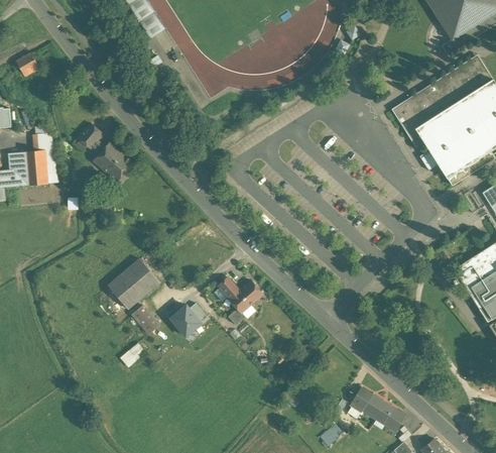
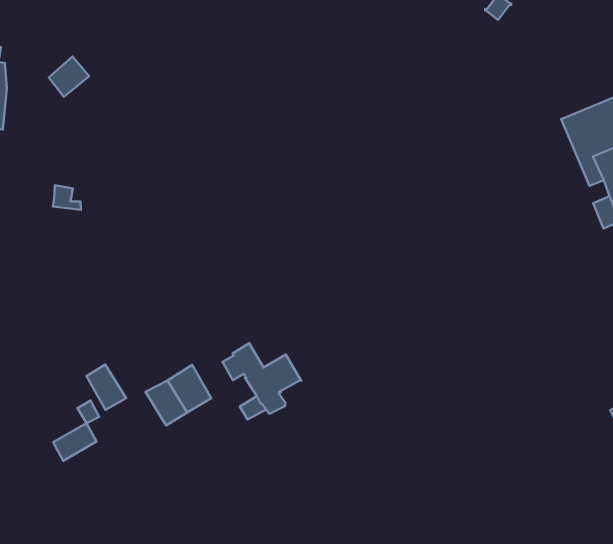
building: [94,141,134,181] -> none
building: [109,258,159,308] -> none

